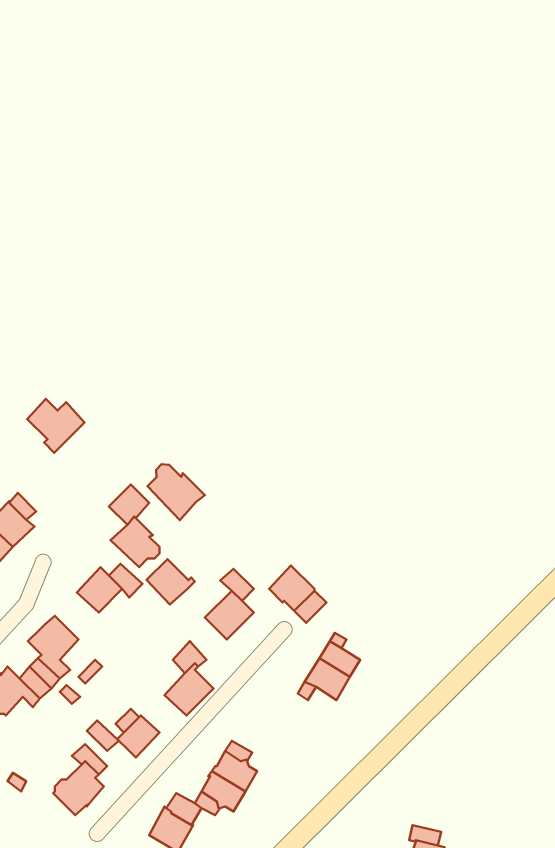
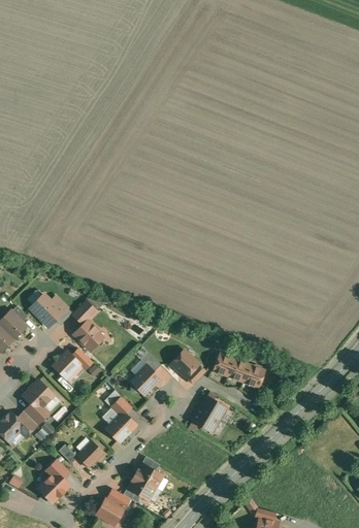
building: [27,399,85,453] -> [32,294,67,327]
building: [148,464,205,520] -> none
building: [147,559,195,604] -> none
building: none -> [211,353,265,389]

